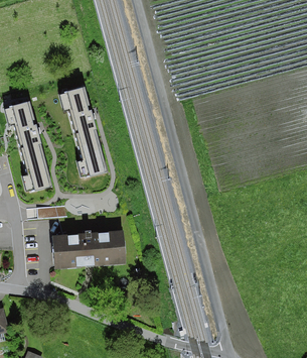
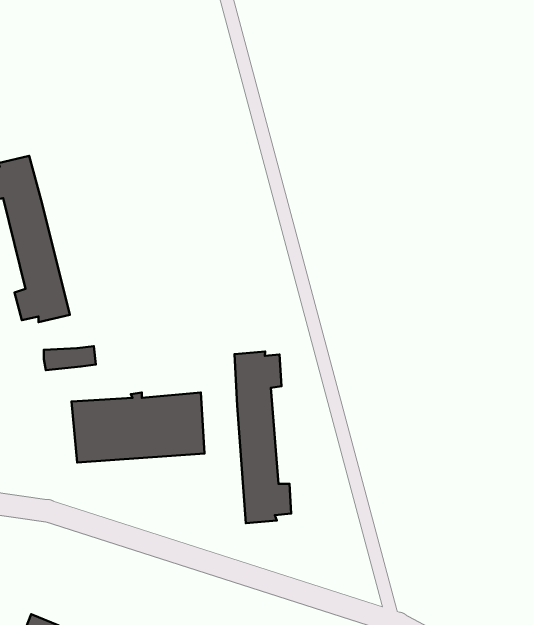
building: [60,86,105,175] -> none
building: none -> [234,351,291,523]

